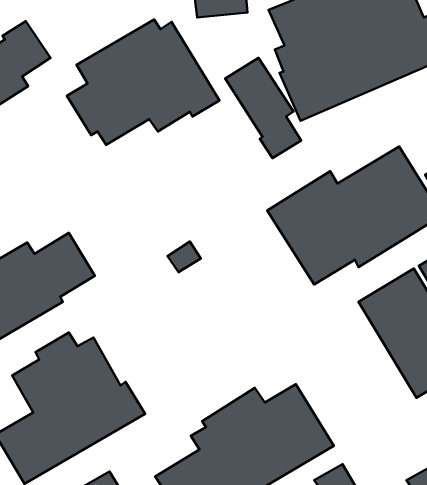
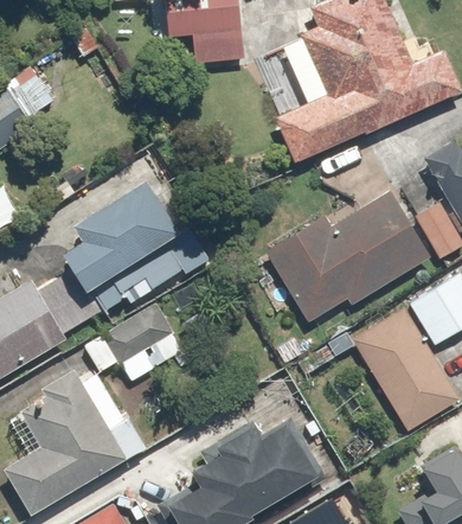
building: [67,19,219,145] -> [64,180,211,301]
building: [225,58,301,158] -> none
building: none -> [83,302,181,381]

